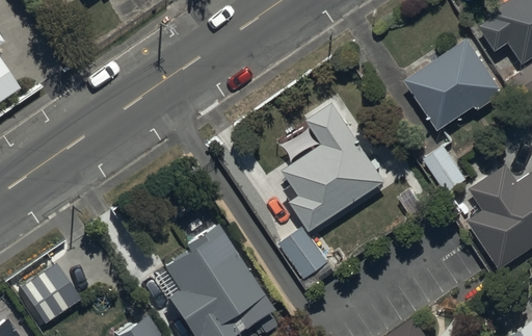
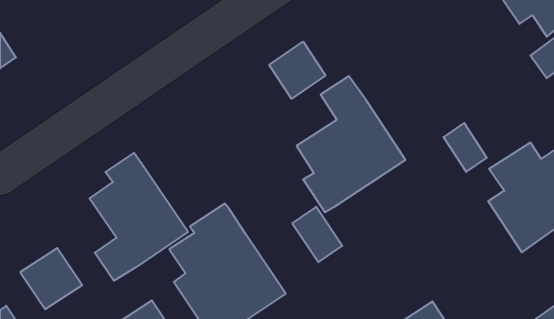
building: [406,37,505,128] -> none
building: none -> [269,42,325,99]
building: none -> [90,153,188,281]

